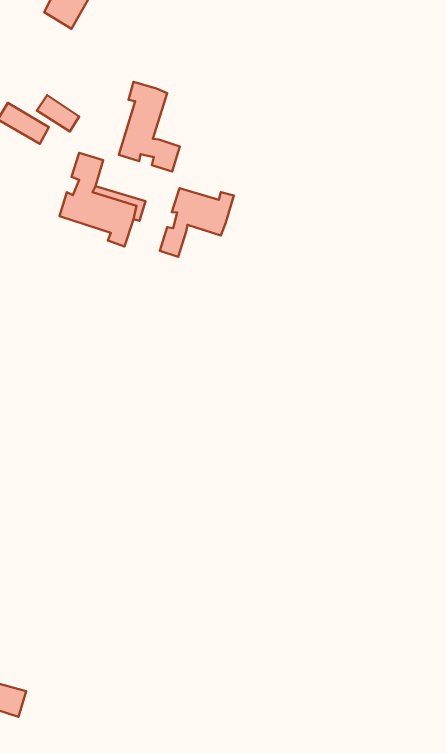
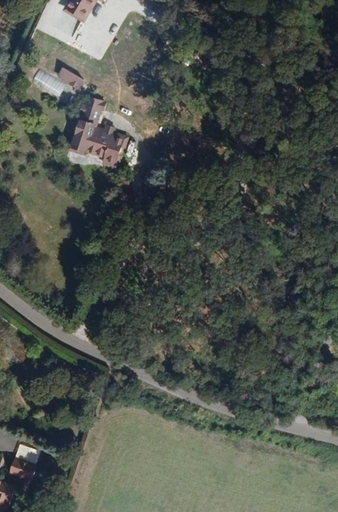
building: [119,82,180,172] -> none
building: [160,188,234,257] -> none

